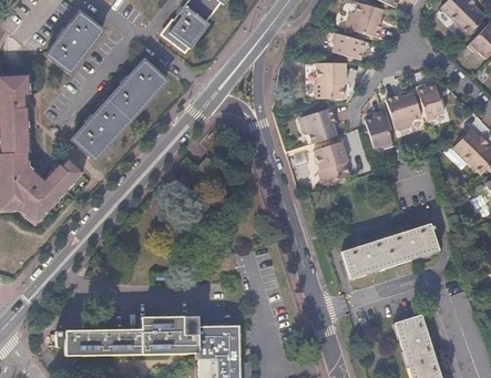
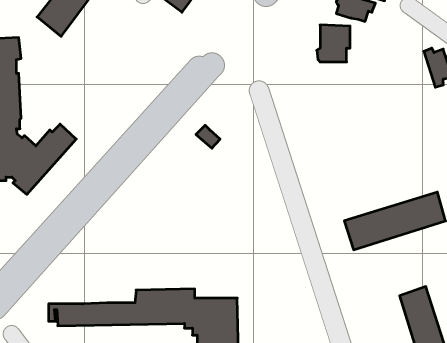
building: [72,61,165,160] -> none
building: [386,94,422,132] -> none
building: [298,106,336,143] -> none
building: [365,111,395,147] -> none
building: [314,142,349,184] -> none

